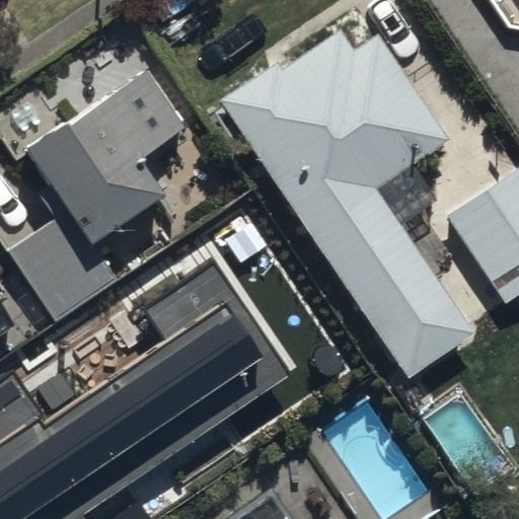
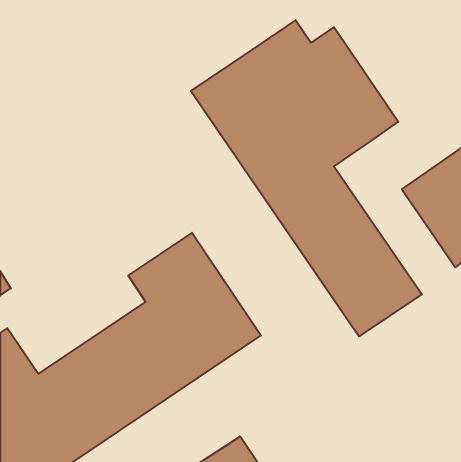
building: [11,67,190,323] -> none

